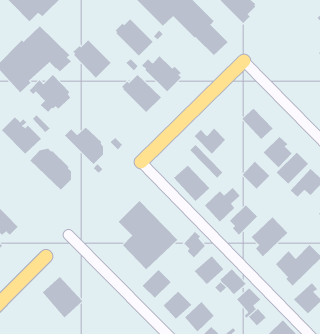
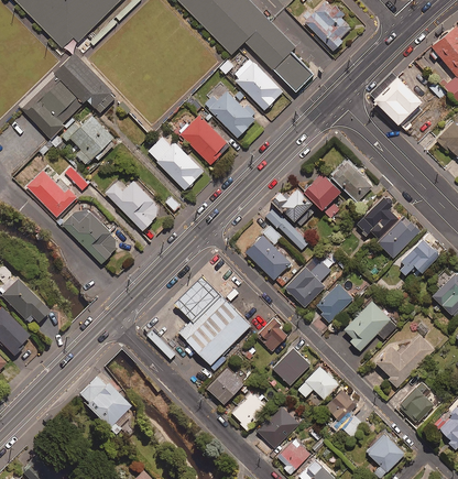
building: [115,18,154,56] -> [235,63,284,111]
building: [72,40,111,79] -> [155,142,205,192]
building: none -> [372,76,421,124]
building: [242,161,270,189] -> [306,168,342,205]

